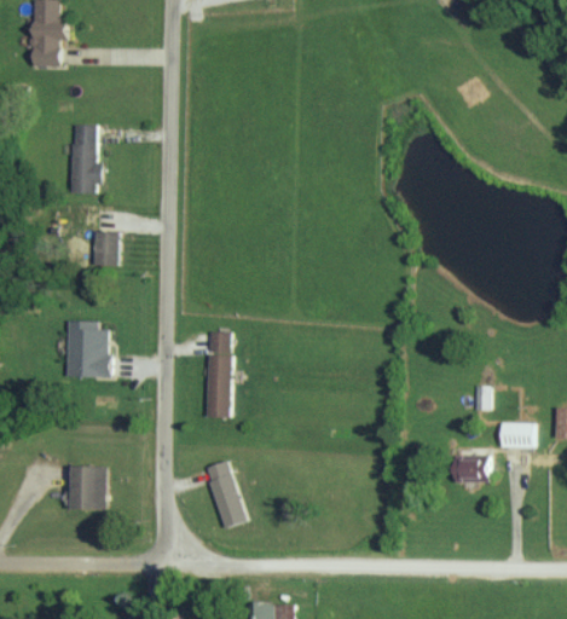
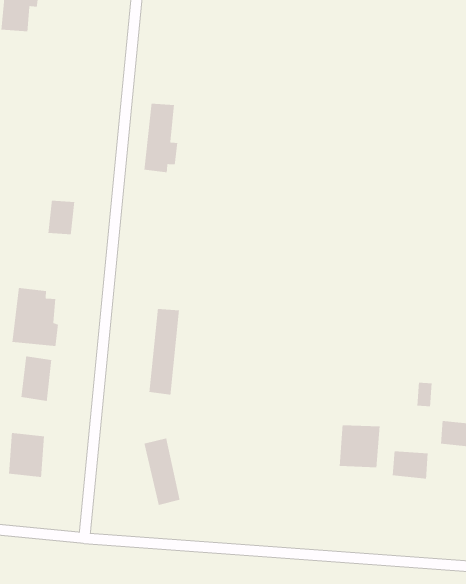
building: [69,123,102,192] -> [144,103,178,173]
building: none -> [21,355,52,402]
building: none -> [339,424,380,468]

